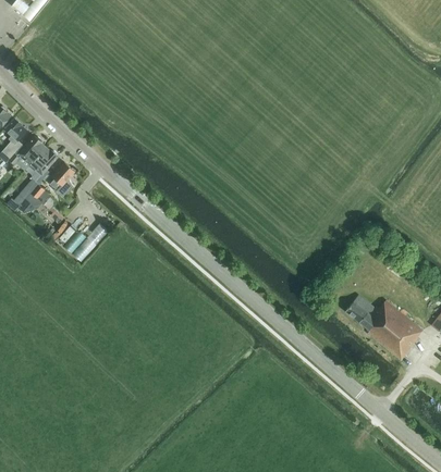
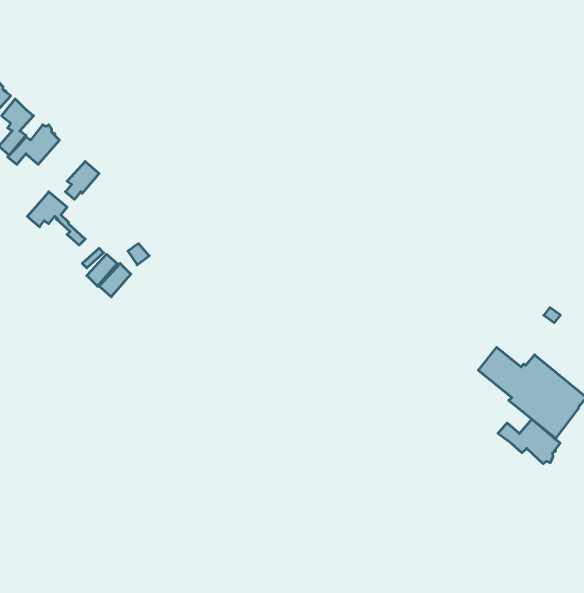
building: [30,148,58,185] -> none
building: none -> [498,419,560,464]

